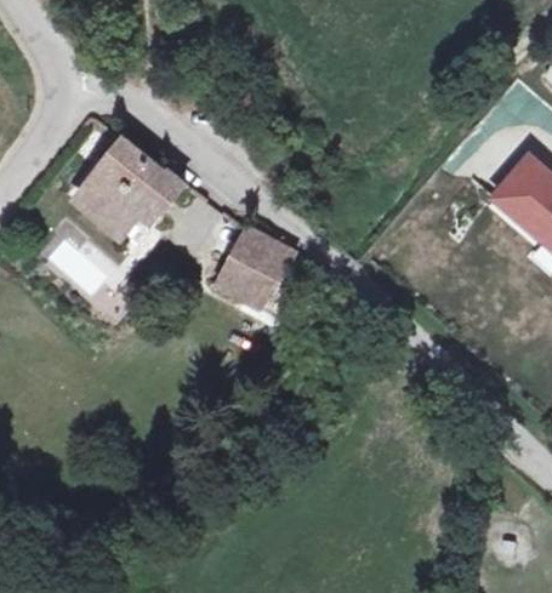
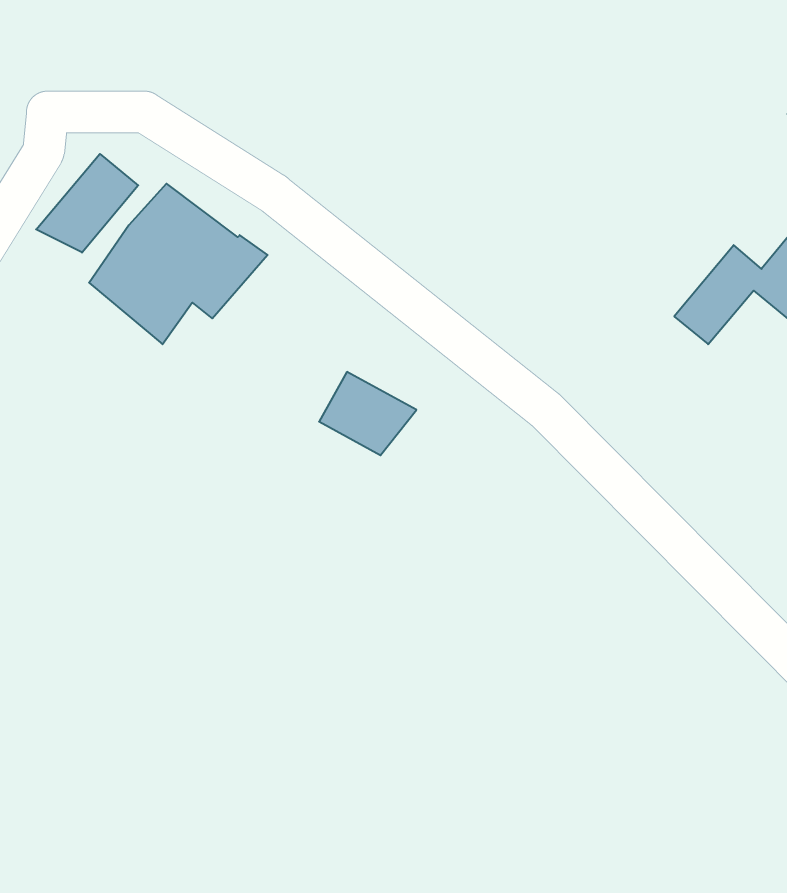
building: none -> [36,154,138,253]
building: [237,227,298,276] -> none

